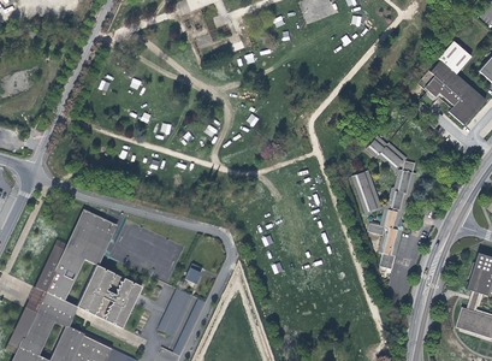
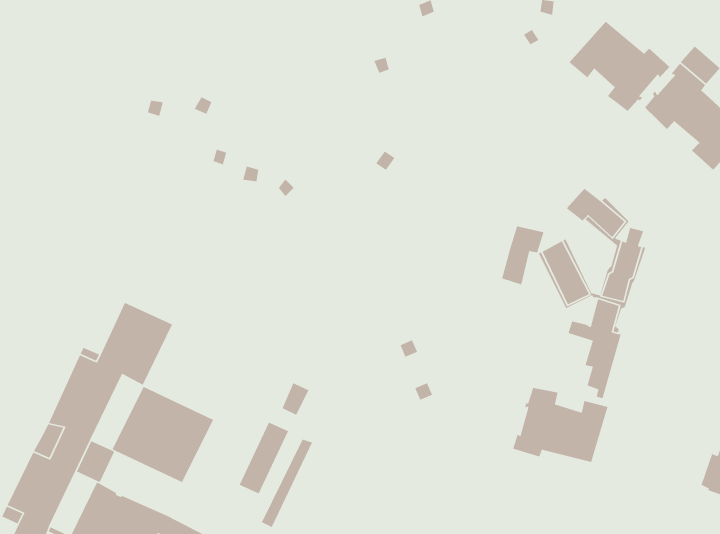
building: none -> [568,21,670,112]
building: none -> [501,225,545,286]
building: none -> [512,387,608,463]

